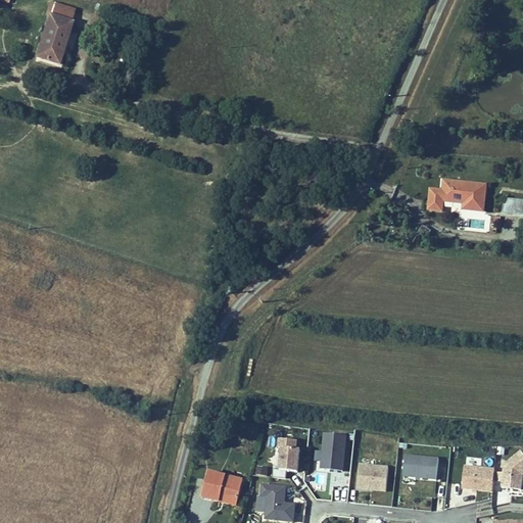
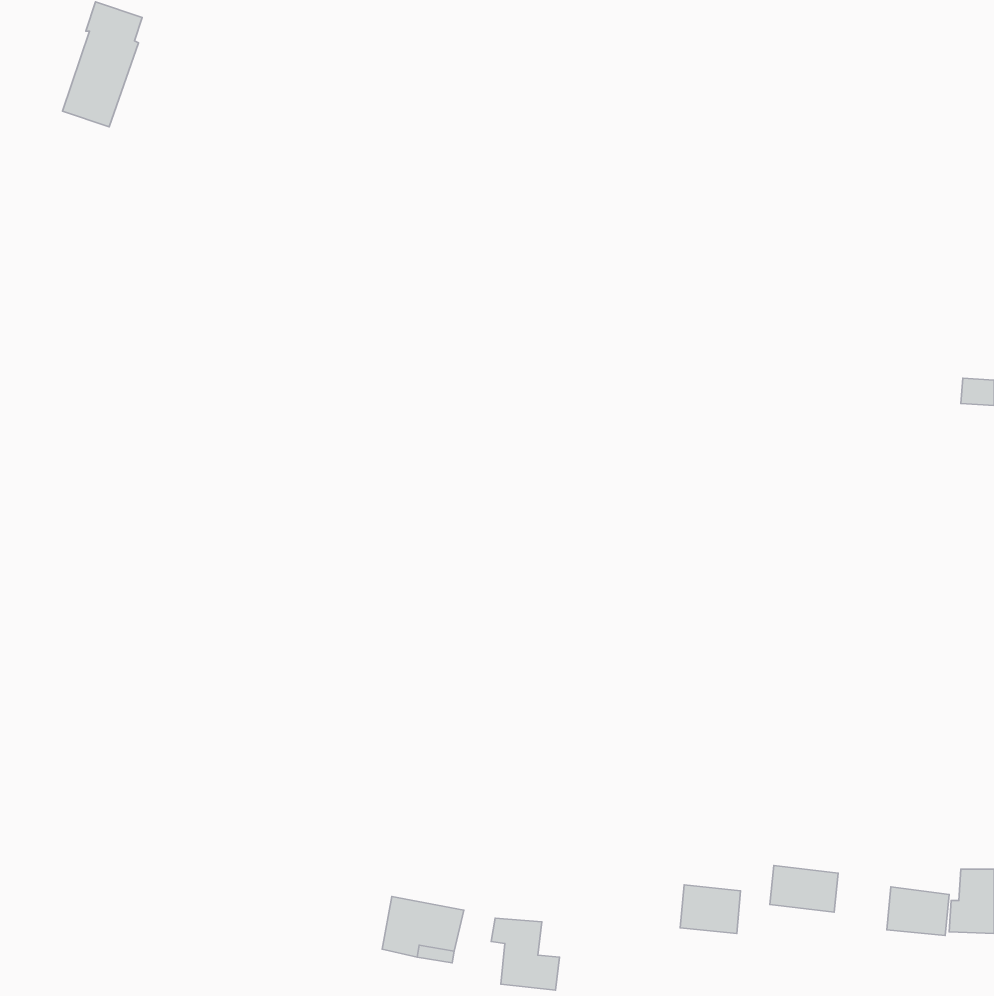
building: [427,179,487,211] -> none
building: [320,431,344,469] -> none
building: [272,435,299,476] -> none

